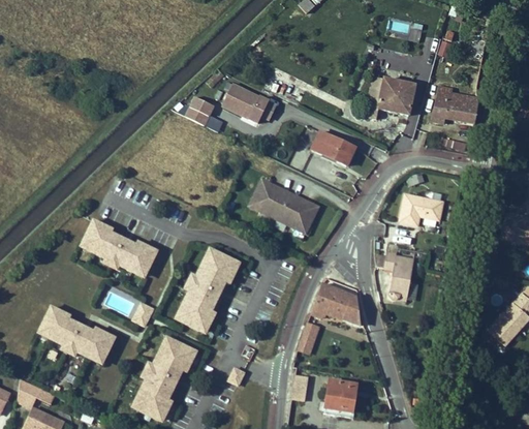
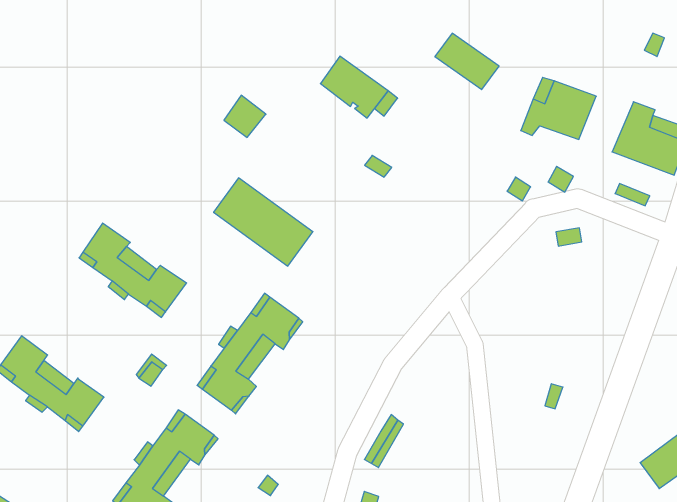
building: [190,95,218,123] -> [224,95,266,137]
building: [316,132,361,167] -> [435,33,499,90]
building: [247,179,316,234] -> [214,178,313,266]
building: [397,195,440,226] -> none
building: [380,249,414,297] -> none
building: [314,282,360,323] -> none

